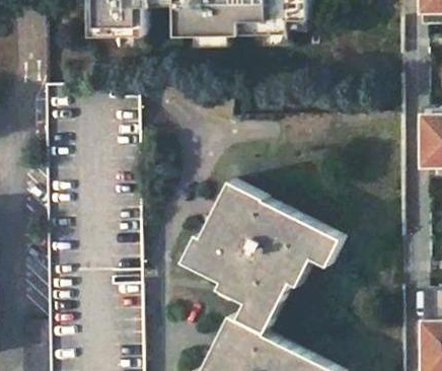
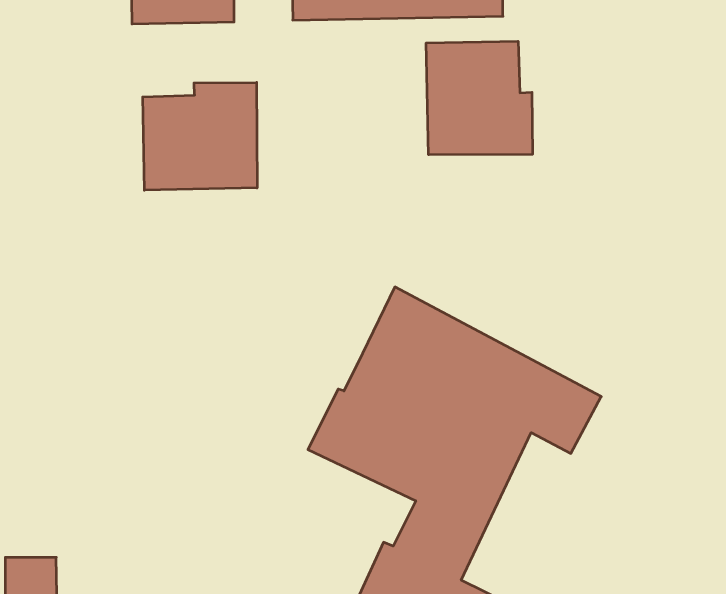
building: none -> [426,41,532,155]
building: none -> [143,82,257,190]

